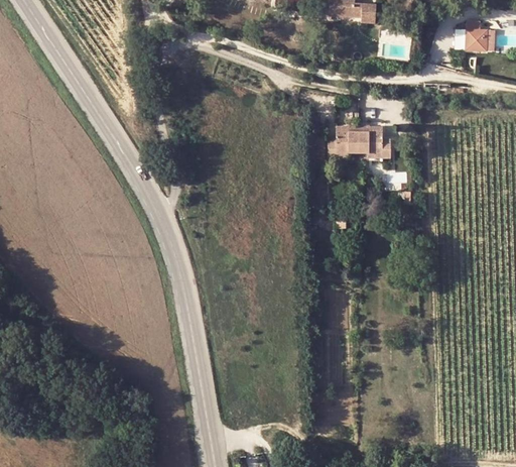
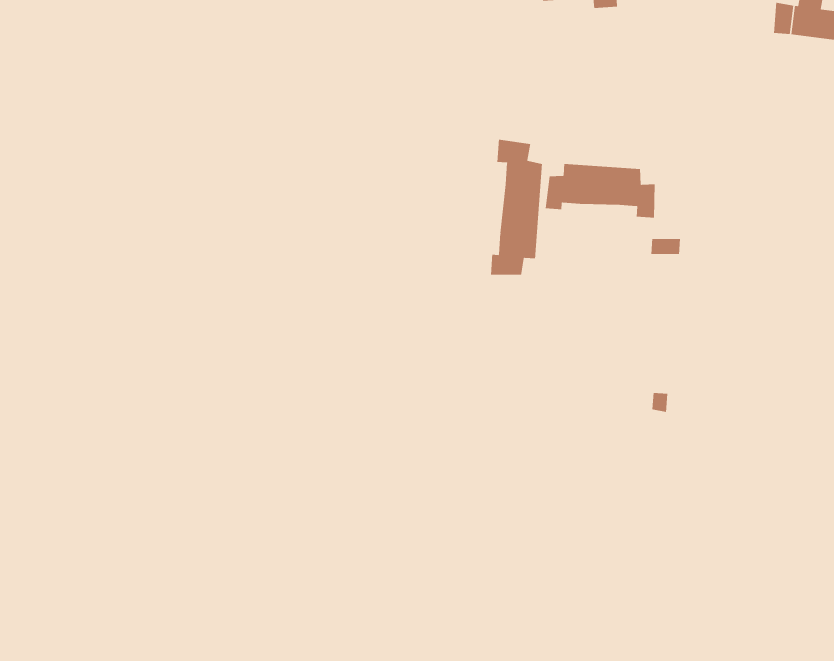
building: none -> [490,139,542,275]

